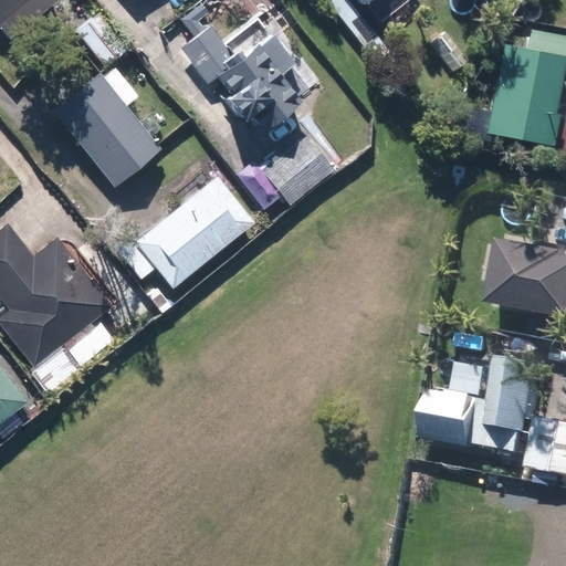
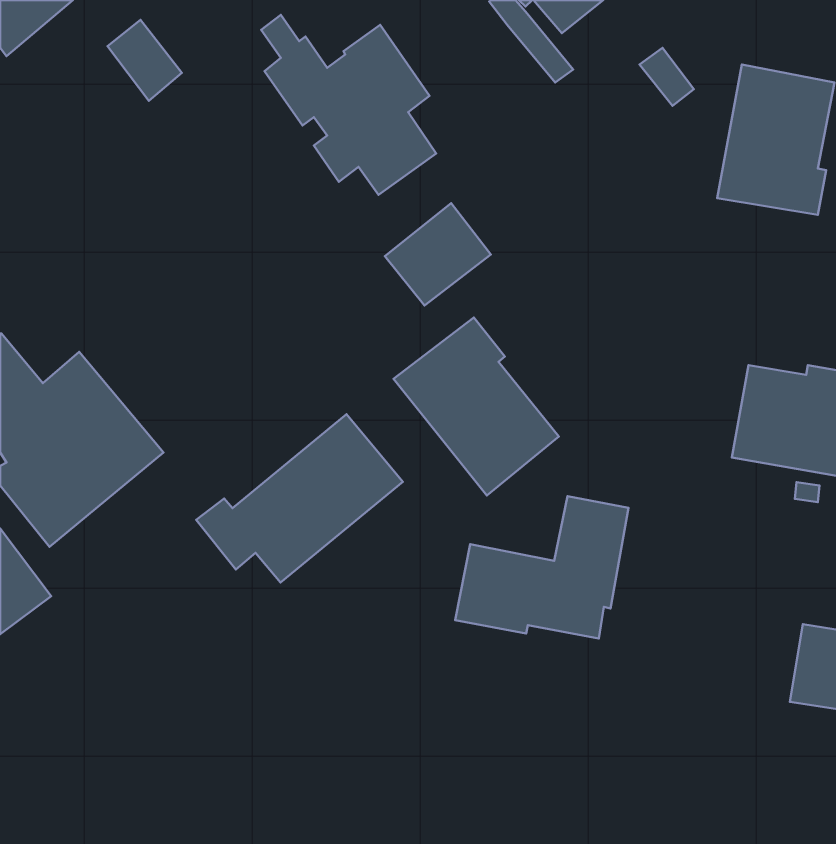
building: [51,67,159,186] -> none
building: [115,176,253,289] -> [196,414,403,583]
building: none -> [394,318,559,495]
building: [428,358,544,453] -> [455,496,629,638]

